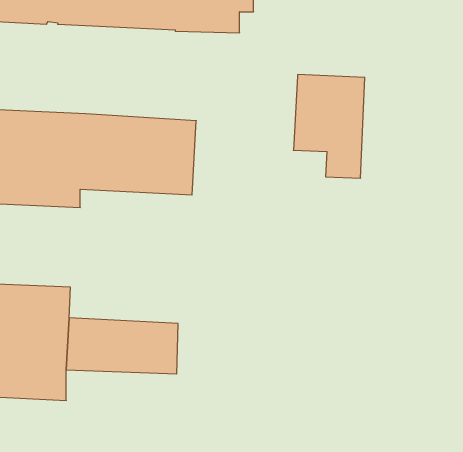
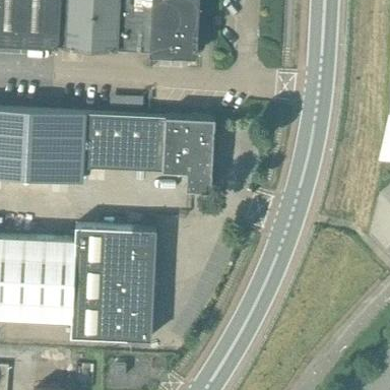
building: [293,75,365,178] -> [165,119,216,194]
building: none -> [75,226,156,267]
building: none -> [72,301,153,340]

